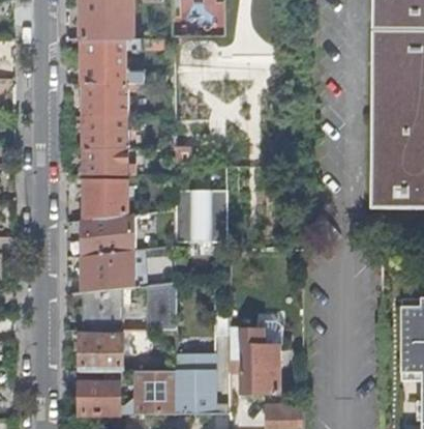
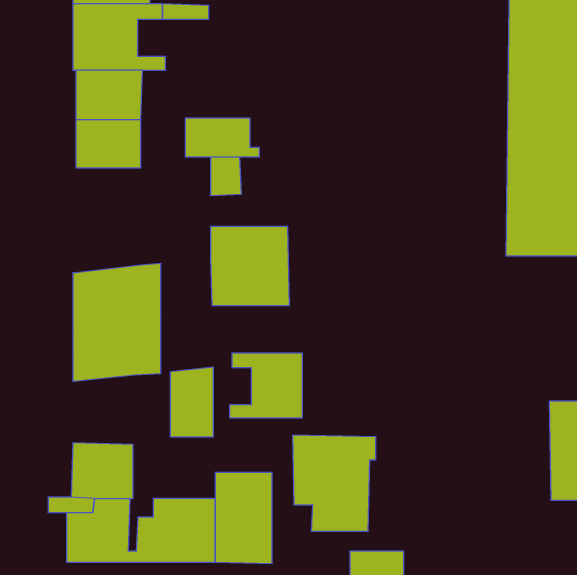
building: [83,148,132,174] -> [185,118,260,157]
building: [83,179,126,219] -> none
building: none -> [230,353,302,418]
building: [82,287,122,328] -> none

